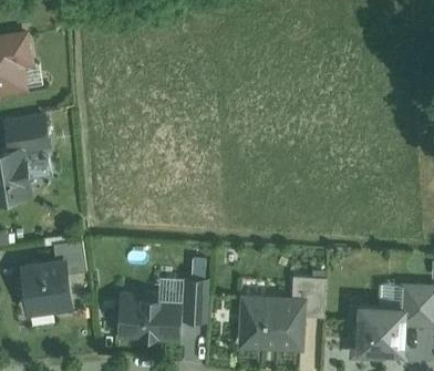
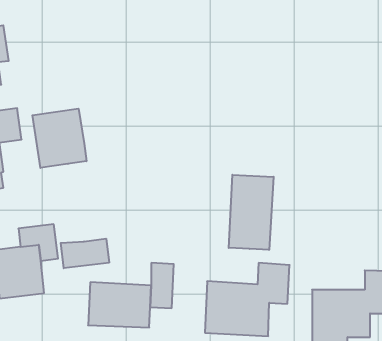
building: none -> [32,109,86,168]
building: none -> [229,175,274,250]
building: none -> [61,239,109,268]

